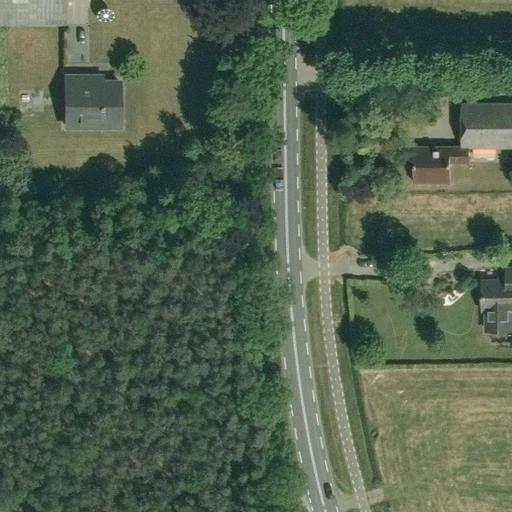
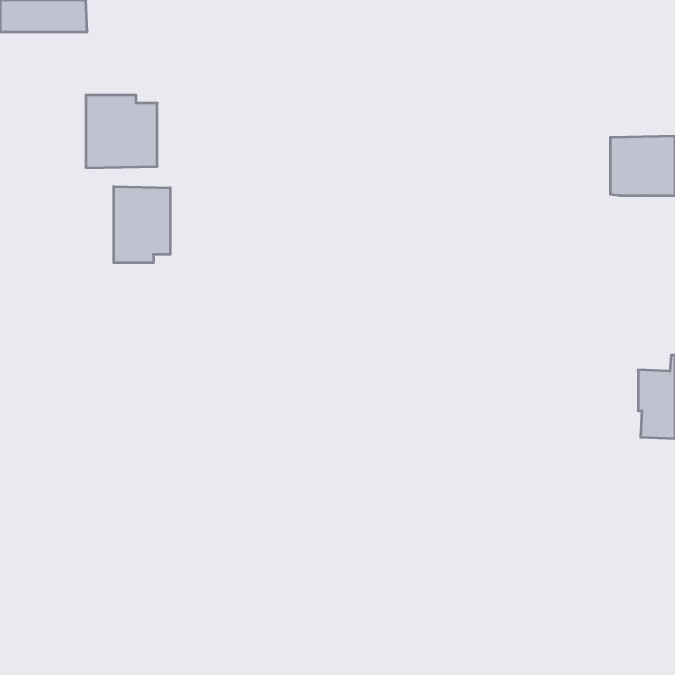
building: none -> [114,186,170,263]
building: [414,147,469,183] -> none

